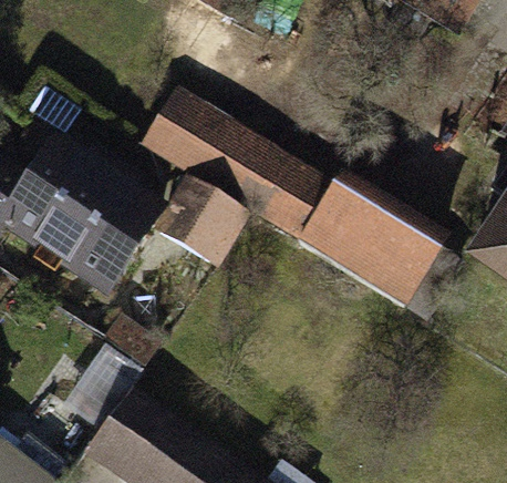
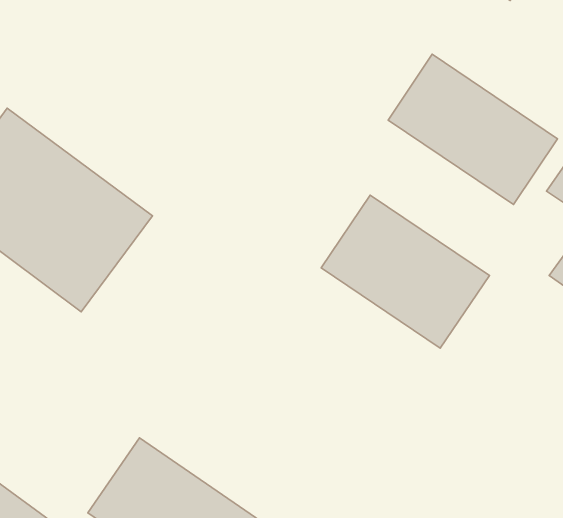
building: none -> [388,54,558,205]
building: [144,92,319,258] -> none

